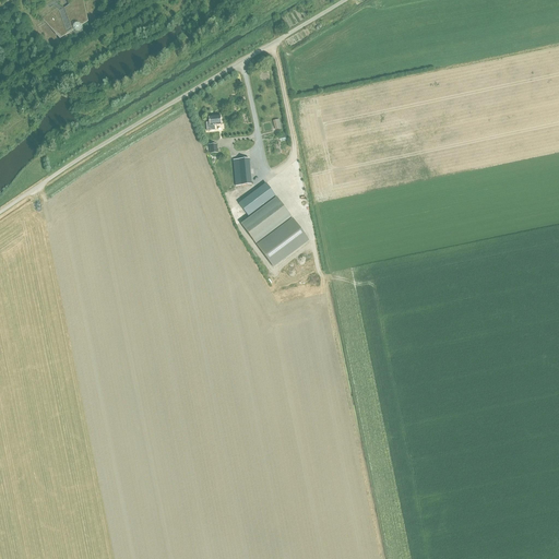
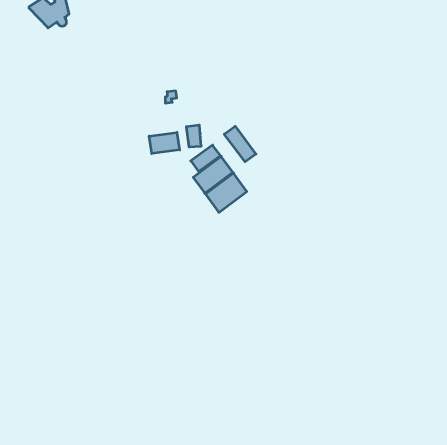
building: none -> [224,126,256,162]
building: none -> [149,132,180,154]

